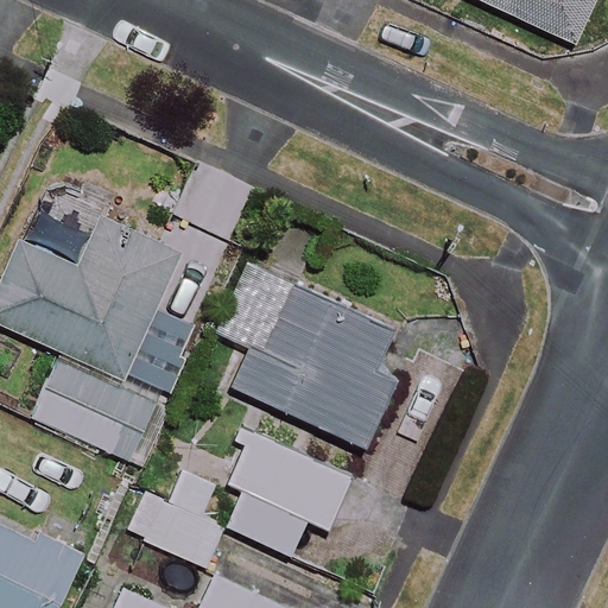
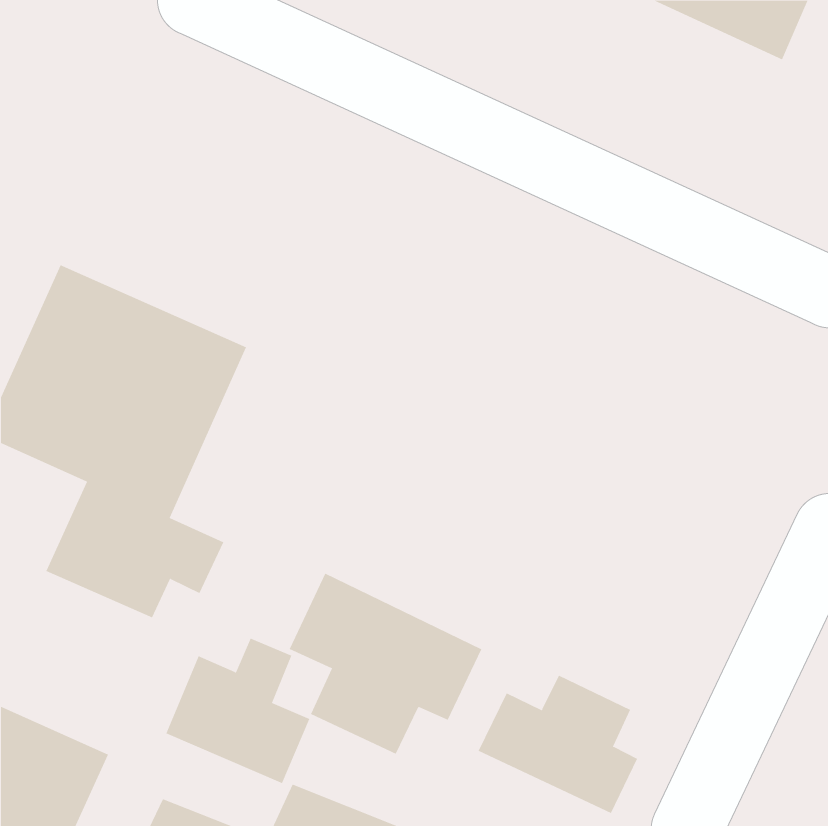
building: [228,268,400,446] -> none
building: none -> [478,675,638,814]

